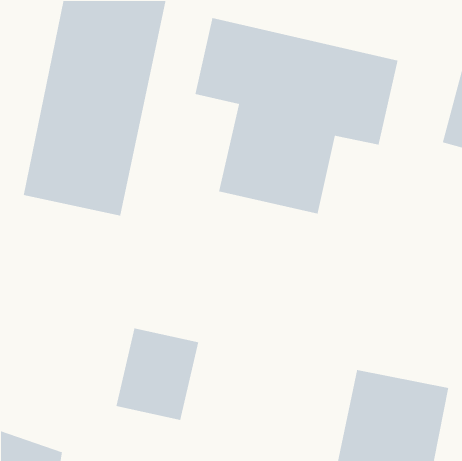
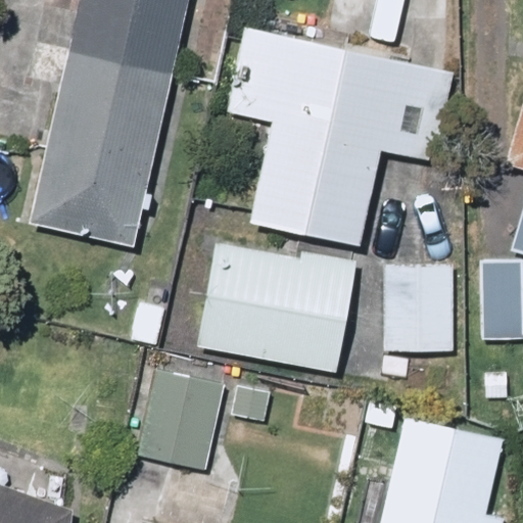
building: none -> [195,238,358,371]
building: none -> [379,263,456,354]

